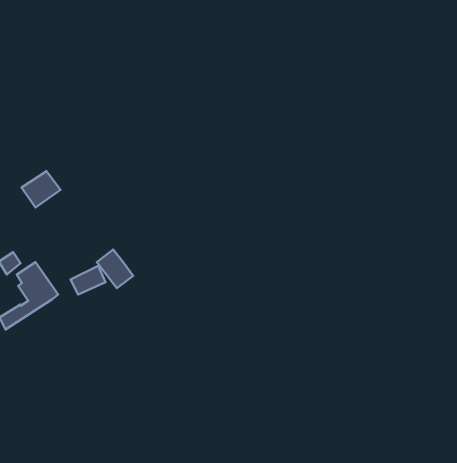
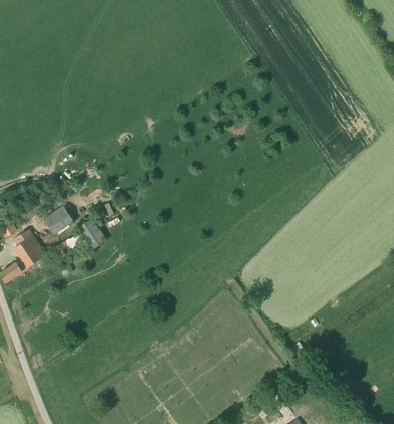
building: [22,171,60,207] -> [43,205,74,234]

